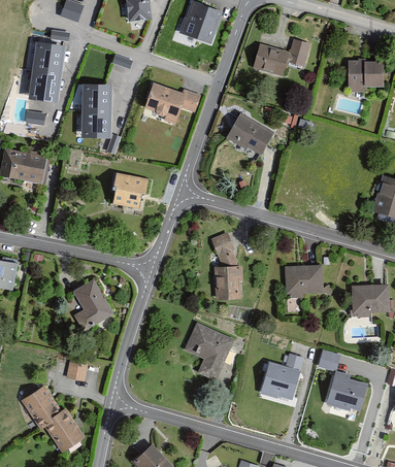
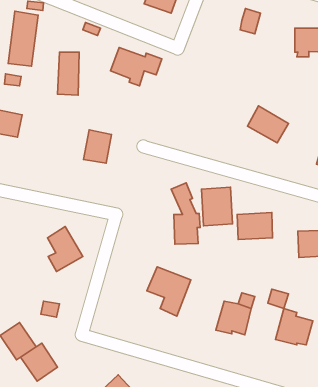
building: [253,44,289,76] -> none
building: [227,114,272,156] -> [247,106,288,143]
building: none -> [201,187,233,226]

